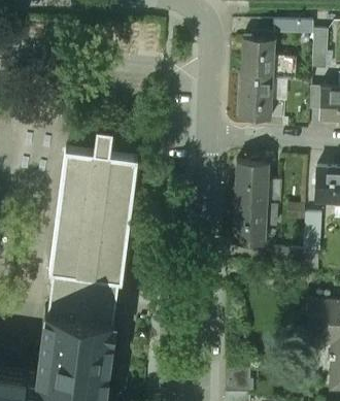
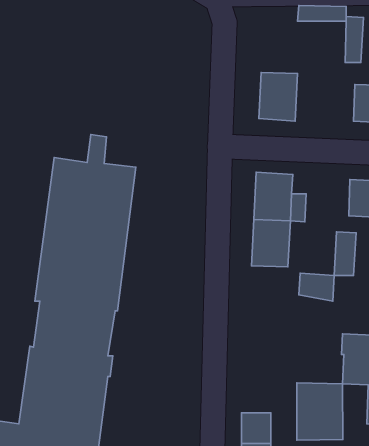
building: [241,36,296,78] -> none
building: none -> [297,383,343,440]

